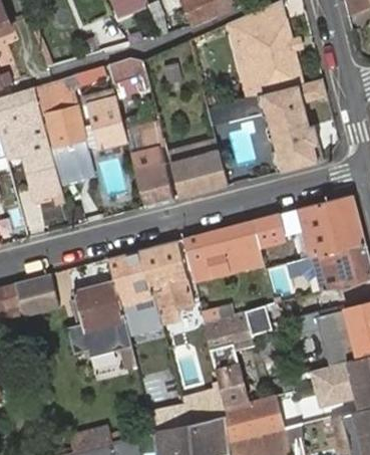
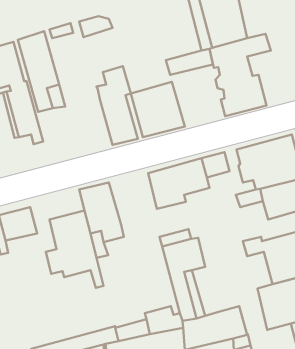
building: [89,95,129,150] -> none
building: [142,241,193,320] -> none

